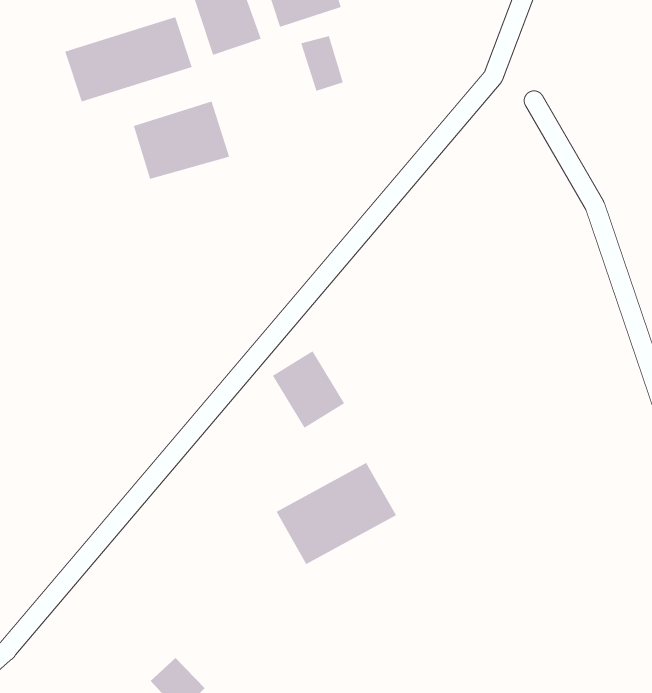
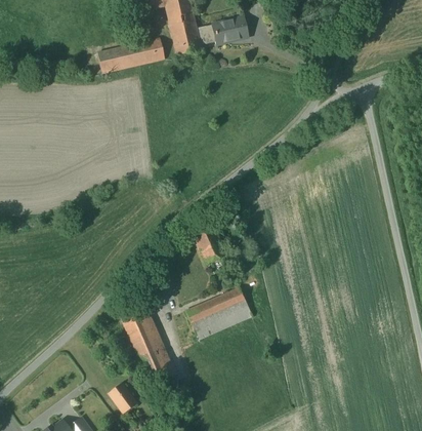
building: [300,35,344,92] -> none
building: [133,101,230,180] -> none
building: none -> [121,312,173,386]

